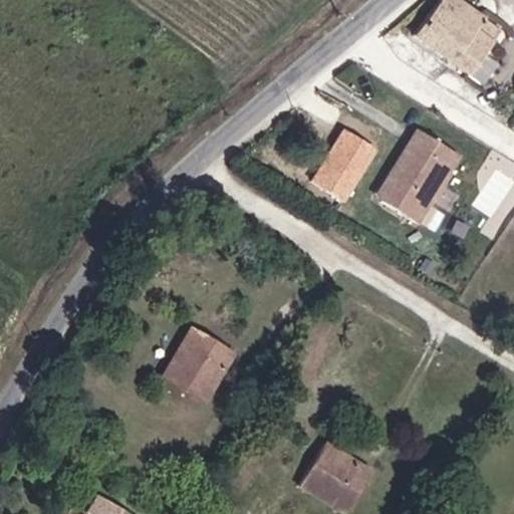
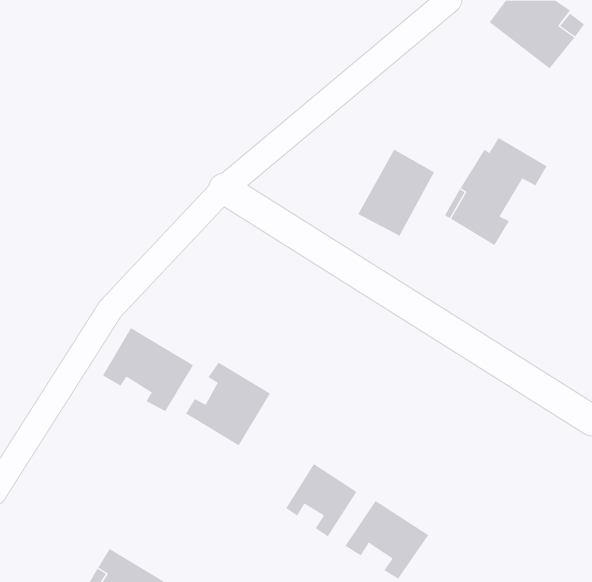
building: none -> [102,327,194,412]
building: none -> [285,463,357,537]

